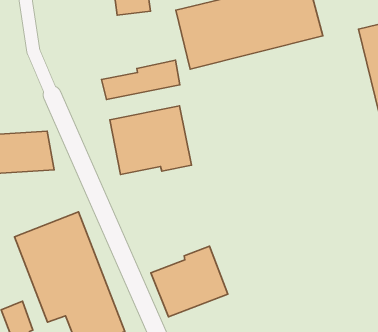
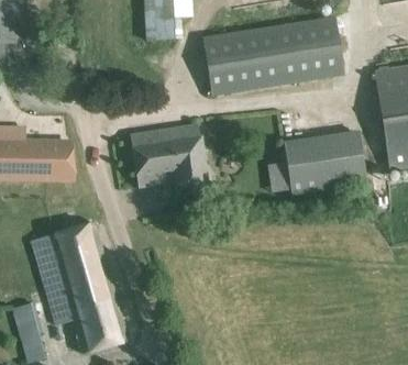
building: [101,60,180,100] -> none
building: none -> [268,128,372,192]
building: [151,246,228,317] -> none

